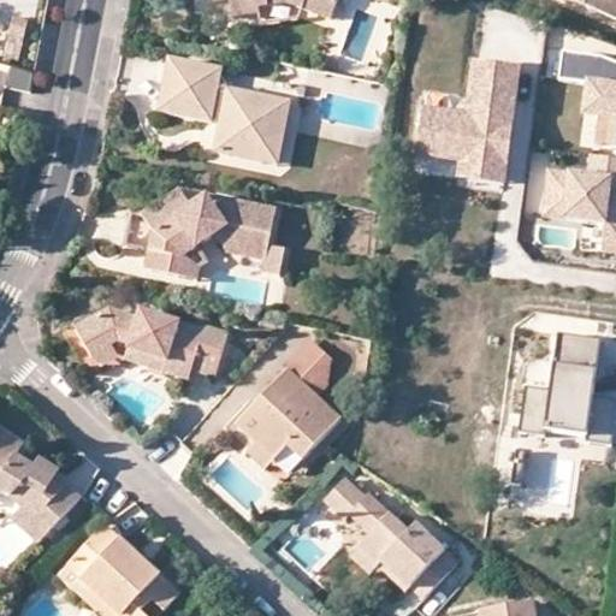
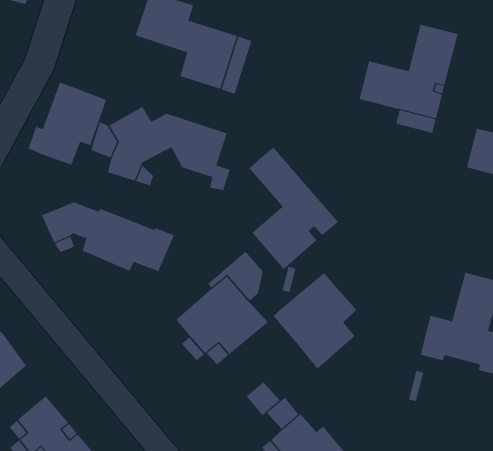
building: none -> [28,82,107,165]
building: none -> [249,146,339,270]
building: none -> [273,272,357,370]

